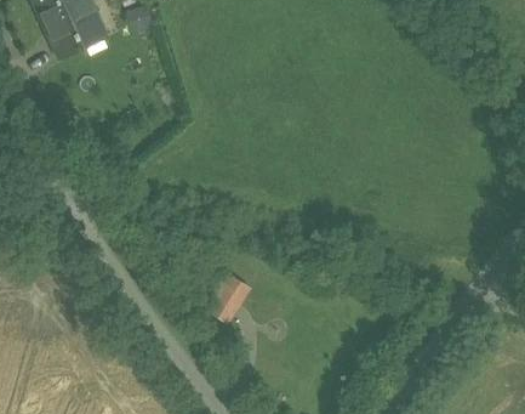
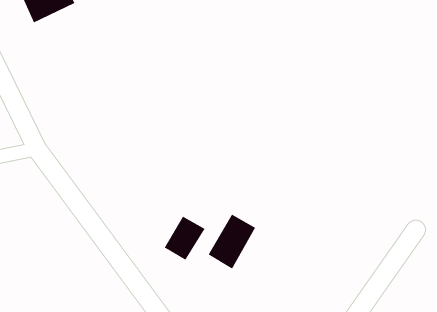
building: none -> [208,214,256,270]

